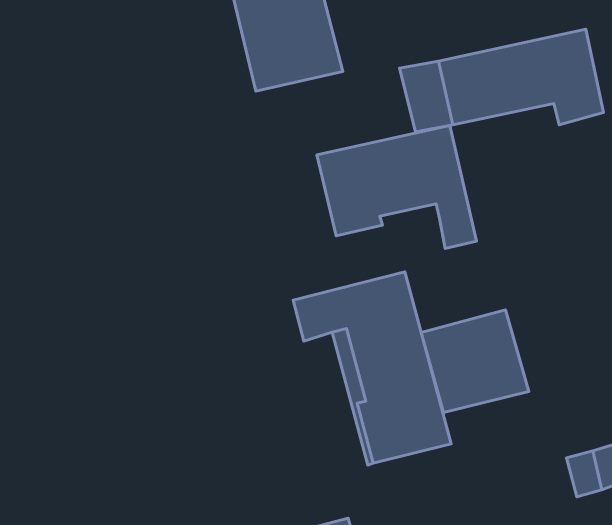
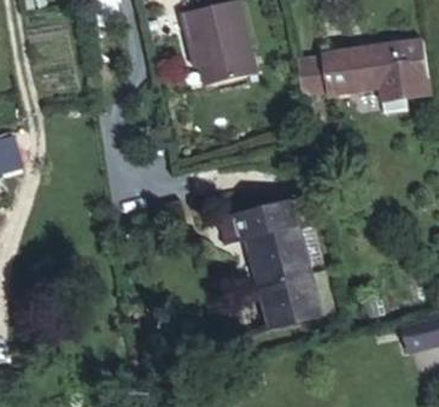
building: [317,125,477,249] -> none
building: [421,310,529,413] -> none

